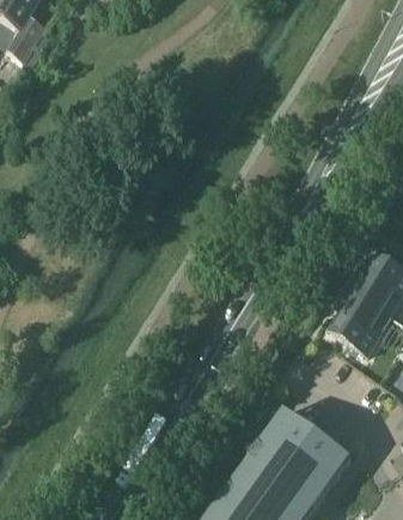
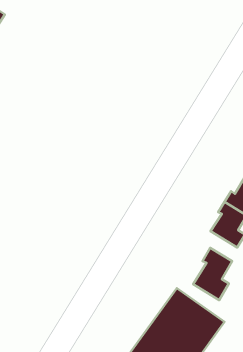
building: none -> [193,248,232,300]

